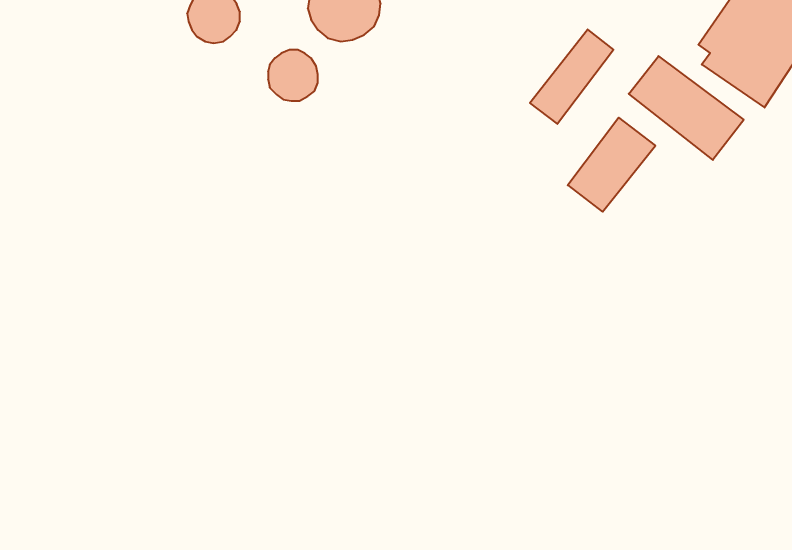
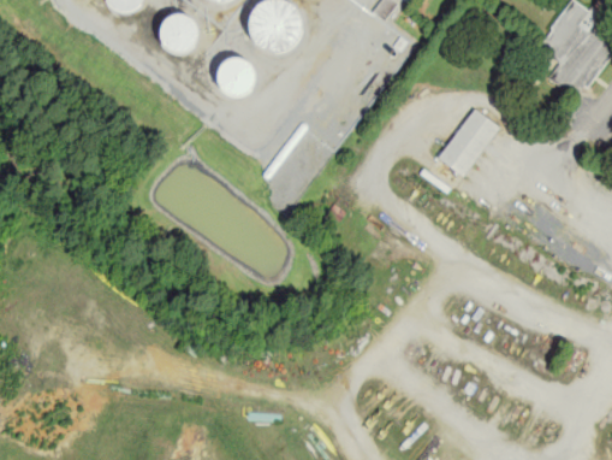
building: [530,29,613,124] -> none
building: [629,56,744,160] -> none

